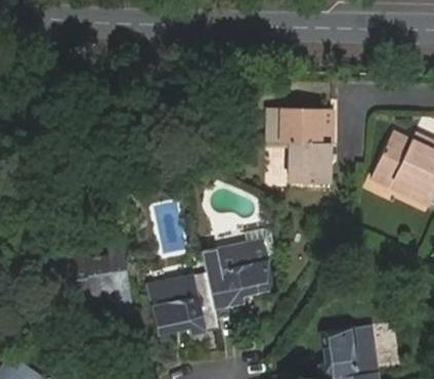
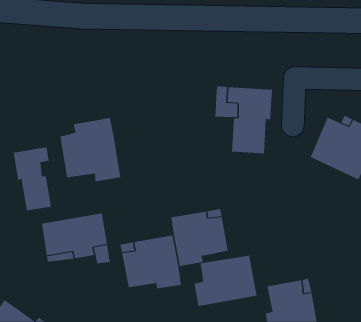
building: none -> [60,117,121,182]
building: none -> [13,146,52,211]
building: none -> [194,255,257,307]

